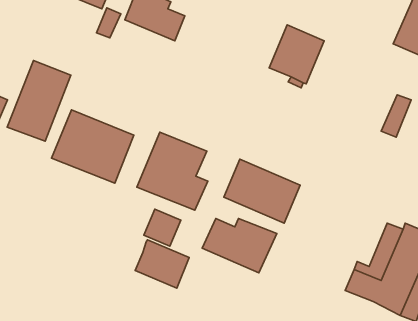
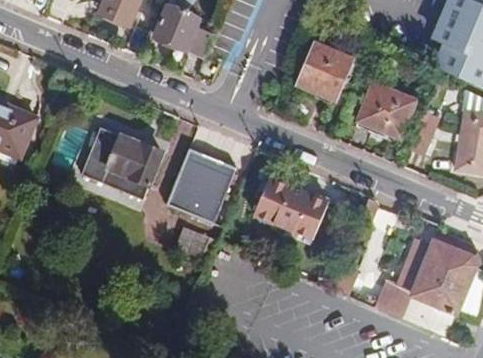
building: [7,60,71,141] -> none
building: none -> [358,81,416,137]
building: [202,218,277,273] -> none
building: [135,240,189,288] -> none

